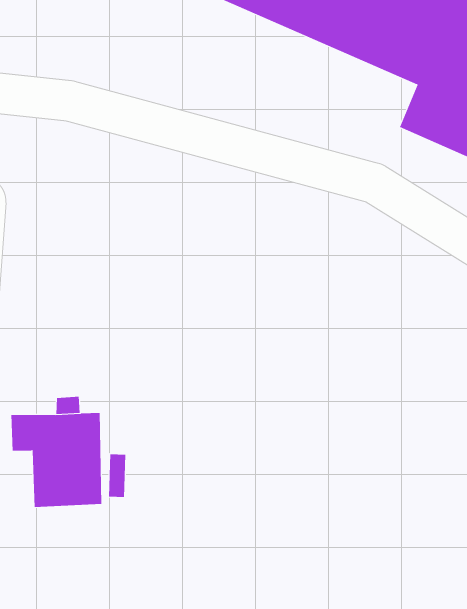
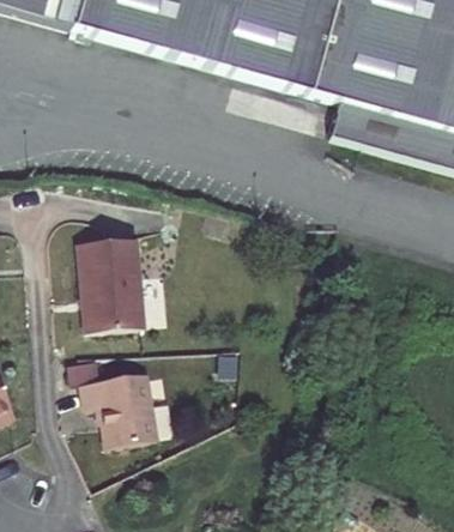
building: none -> [80,237,144,328]

